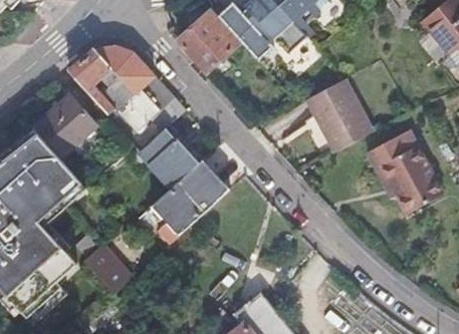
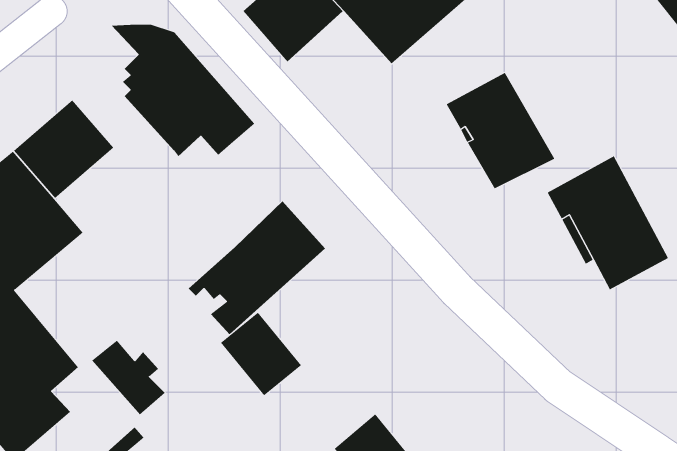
building: [67,49,134,134] -> none
building: [140,123,202,188] -> none
building: none -> [220,312,302,396]

